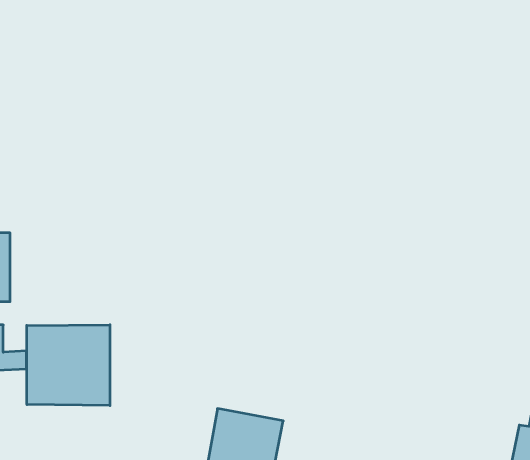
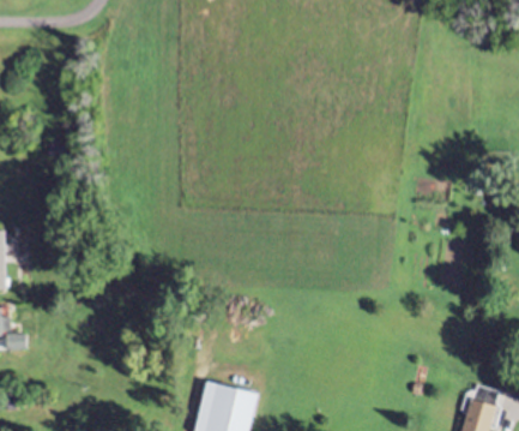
building: [27,325,110,406] -> none

